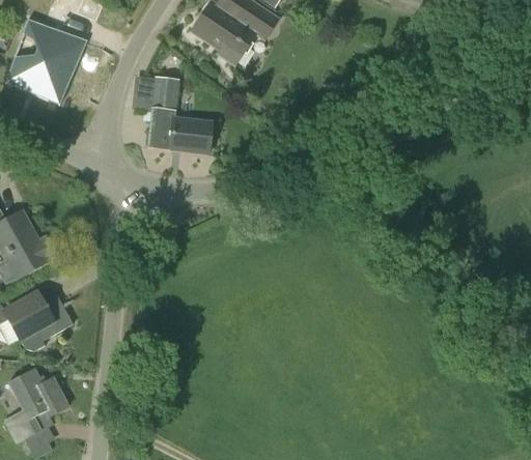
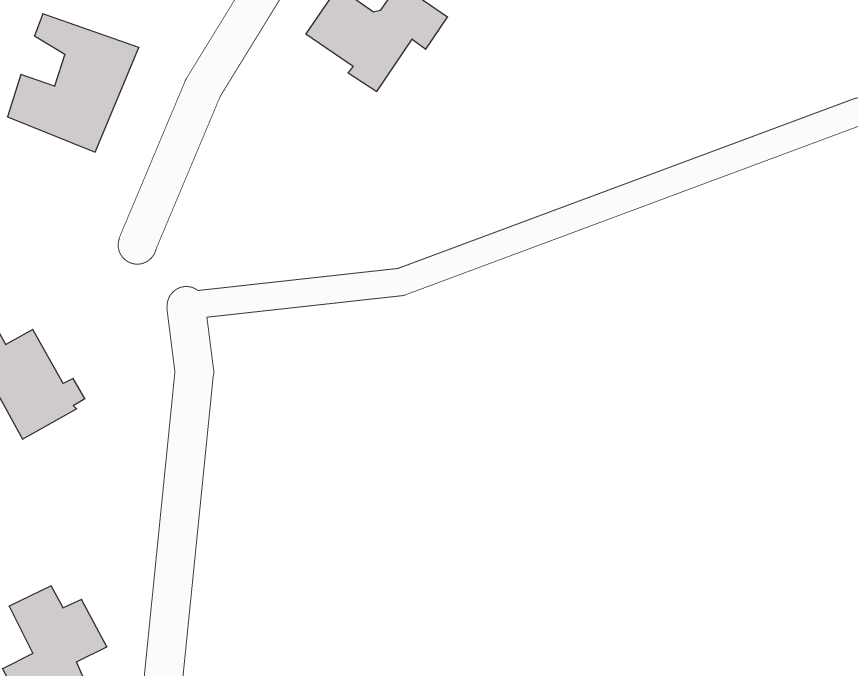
building: [138,76,211,155] -> none
building: [7,289,72,353] -> none

